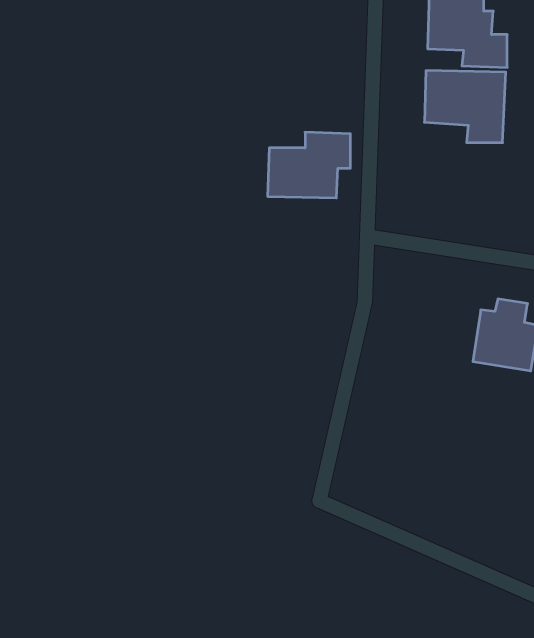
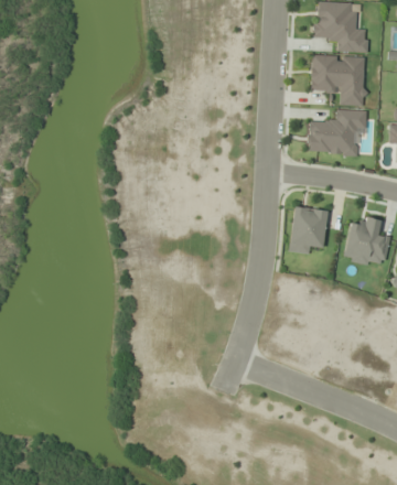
building: [268,132,350,198] -> [308,108,366,154]
building: none -> [290,205,328,254]

